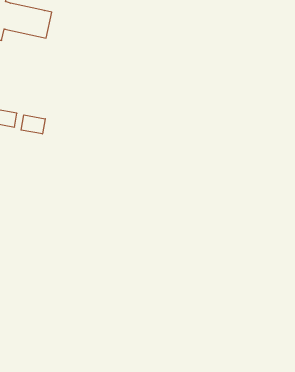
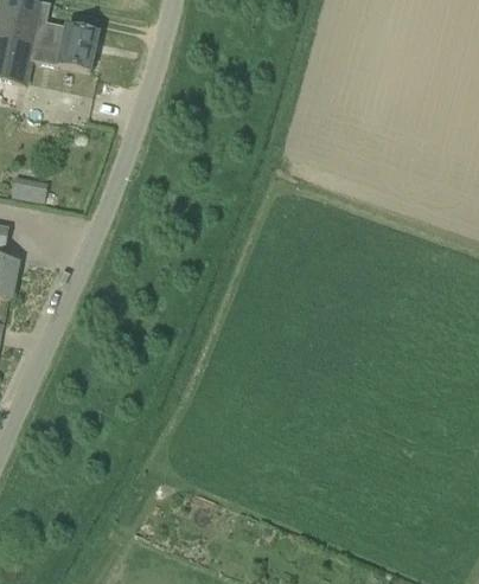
building: [21,115,45,134] -> none

